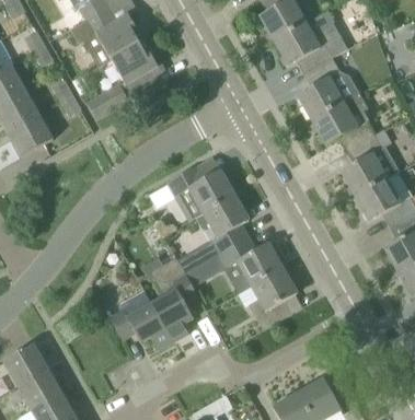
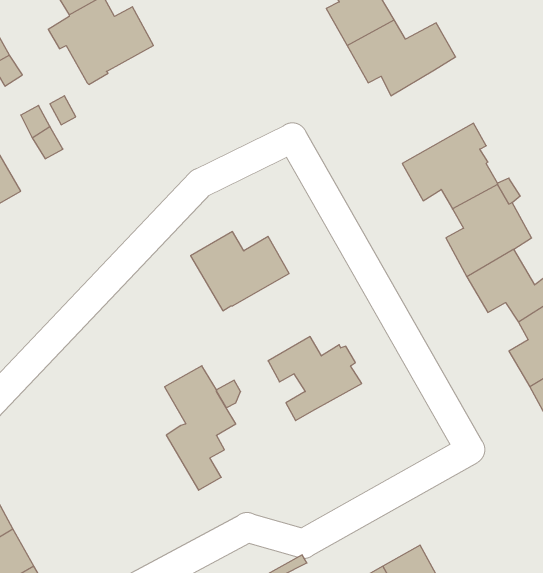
building: [87,40,158,119] -> none
building: [297,57,359,120] -> none
building: [196,195,249,258] -> none
building: [250,269,297,329] -> none
building: [109,304,173,350] -> none

